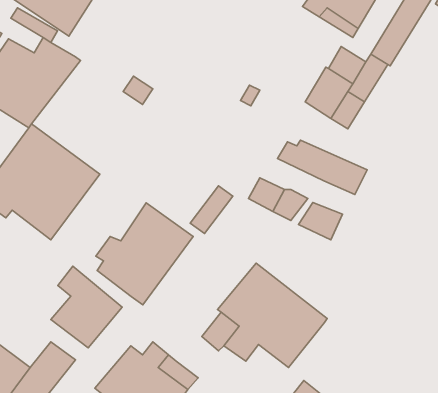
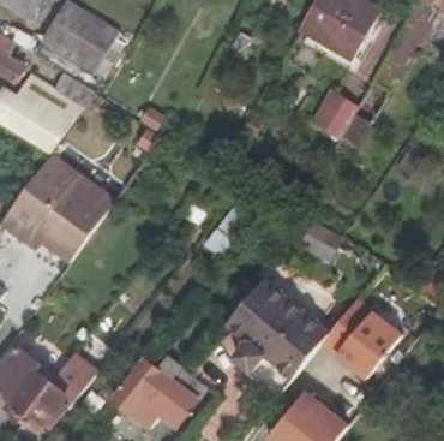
building: [277,140,367,195] -> none
building: [96,203,193,305] -> none
building: [51,266,122,348] -> none
building: none -> [324,298,400,374]

